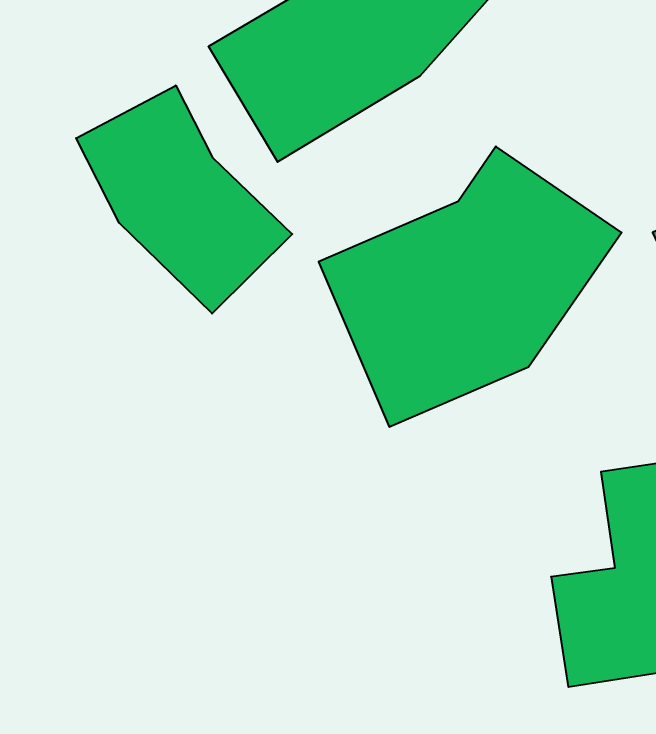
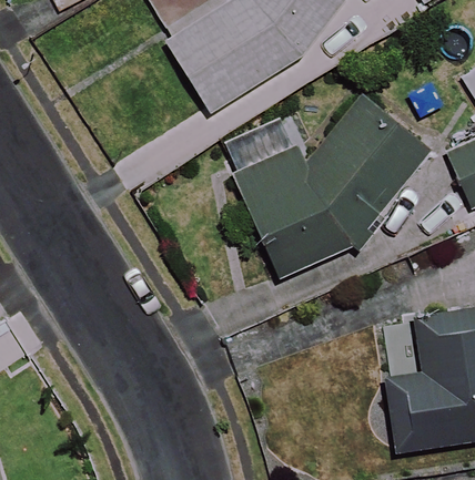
building: [76,85,292,314] -> none

